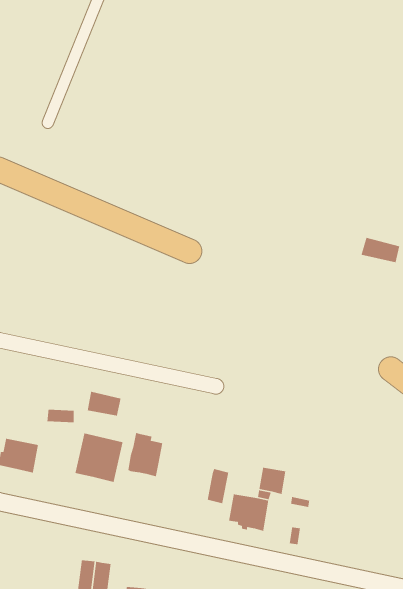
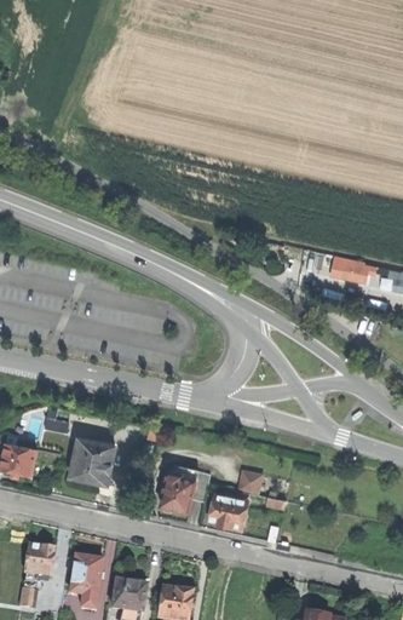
building: [87,391,122,416] -> none
building: [128,432,163,477] -> [161,471,194,512]
building: none -> [24,544,53,575]

